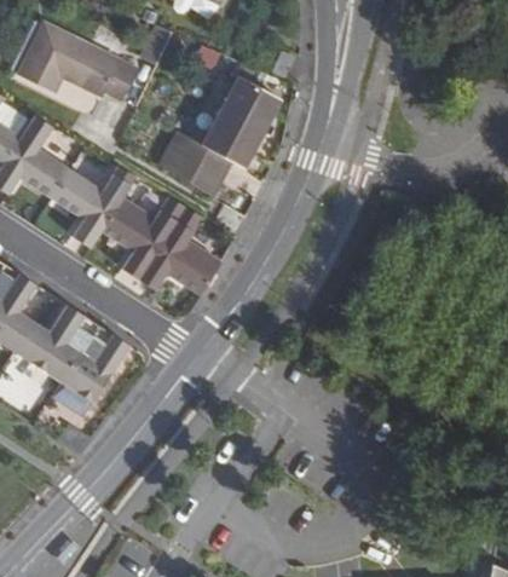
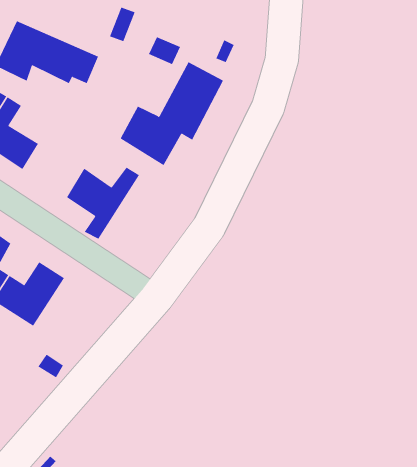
building: [50,166,133,249] -> none
building: [137,206,217,295] -> none
building: [62,324,128,402] -> none

